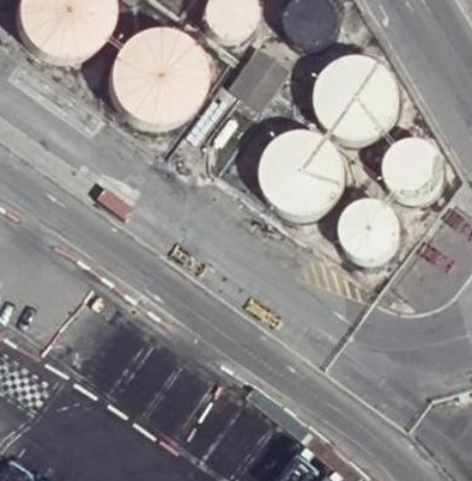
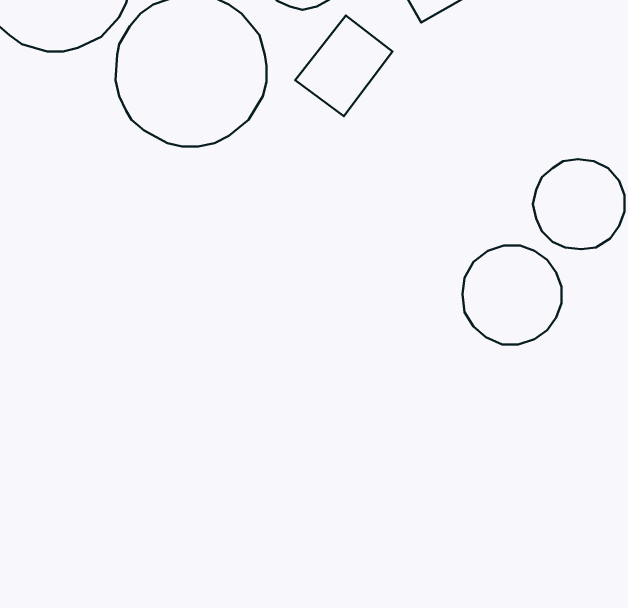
building: [314,55,403,142] -> none
building: [256,128,345,217] -> none

